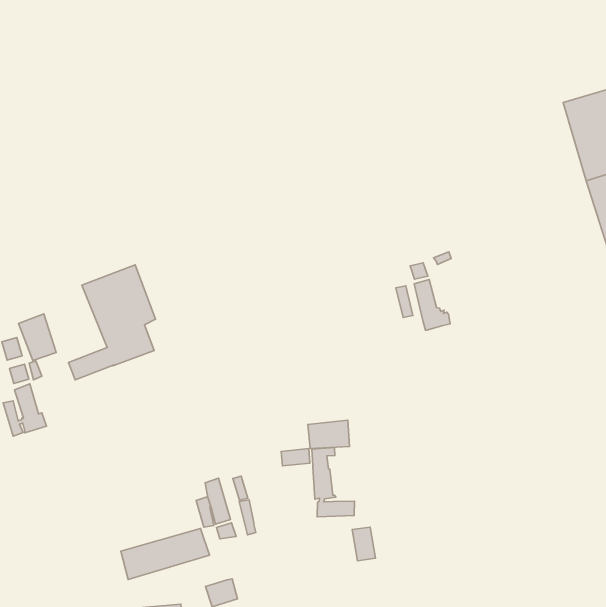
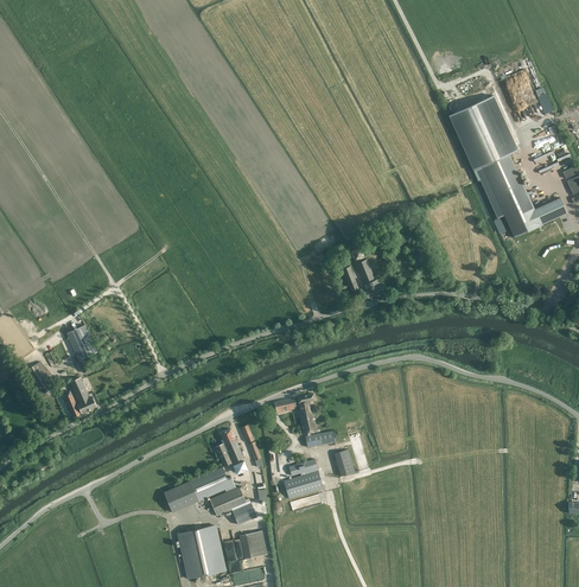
building: [68,265,156,380] -> none
building: [308,420,349,449] -> none
building: none -> [284,459,324,498]
building: none -> [210,486,247,516]

